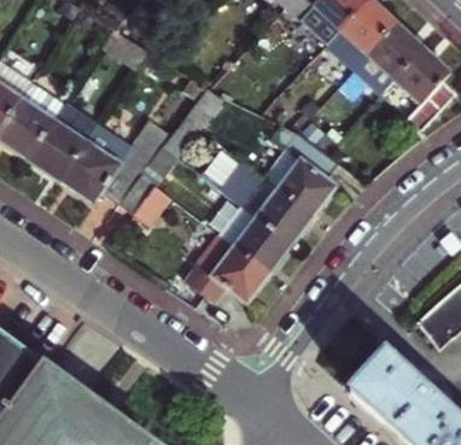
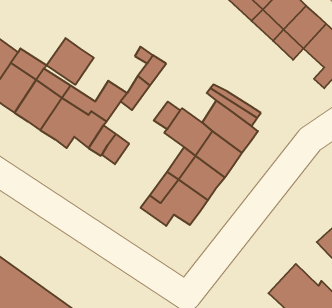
building: none -> [46,38,94,85]

